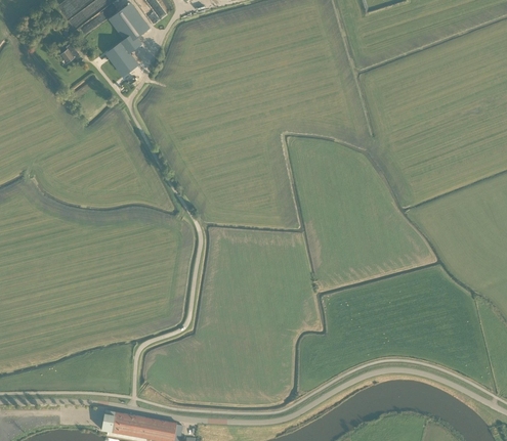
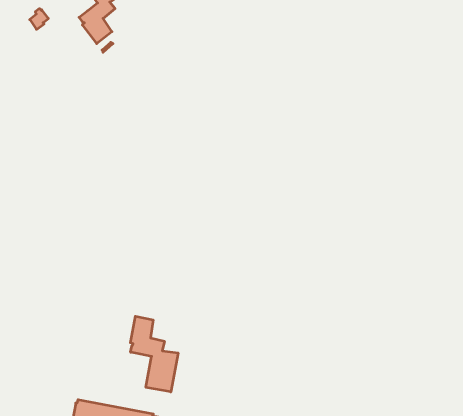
building: none -> [130,316,178,392]

